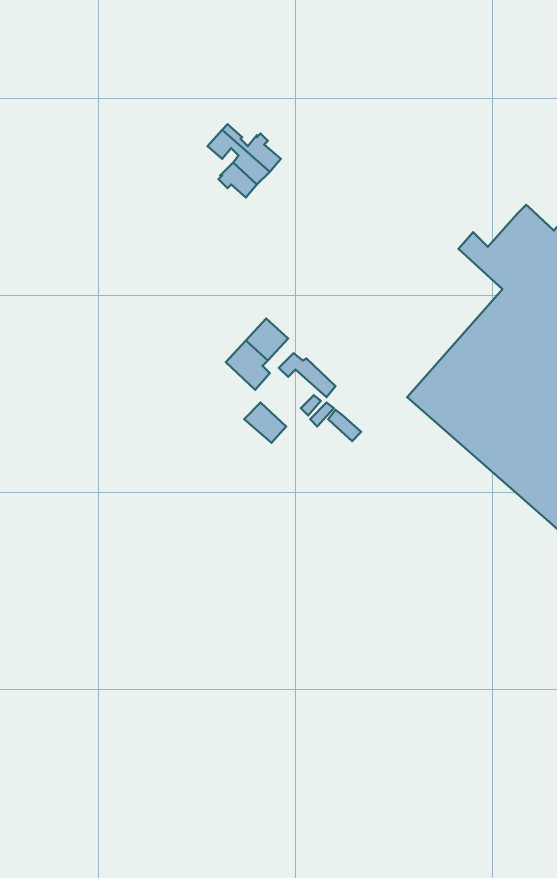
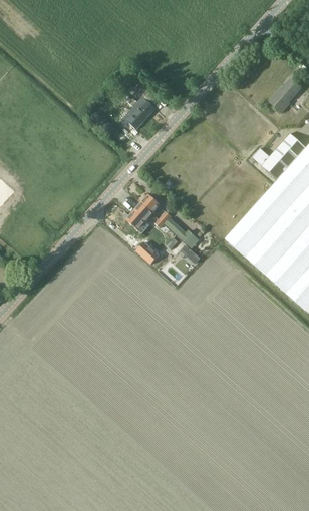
building: none -> [269,78,300,111]

